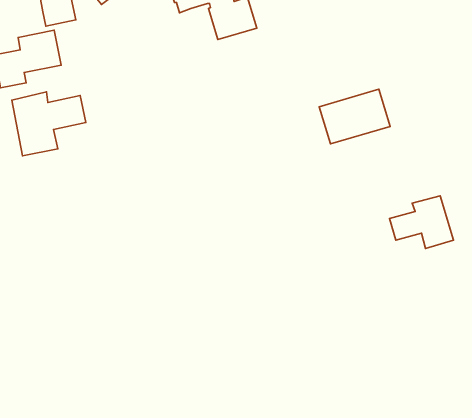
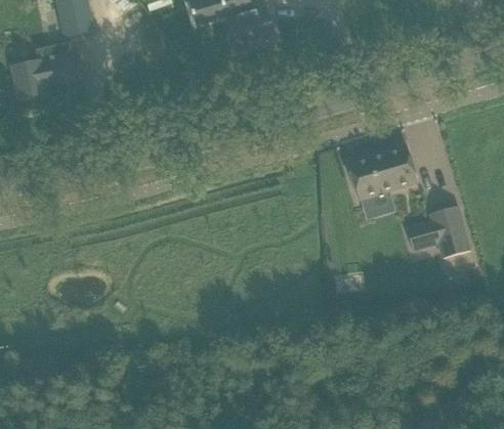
building: [319,89,390,144] -> [346,145,417,200]
building: [12,92,86,156] -> none

